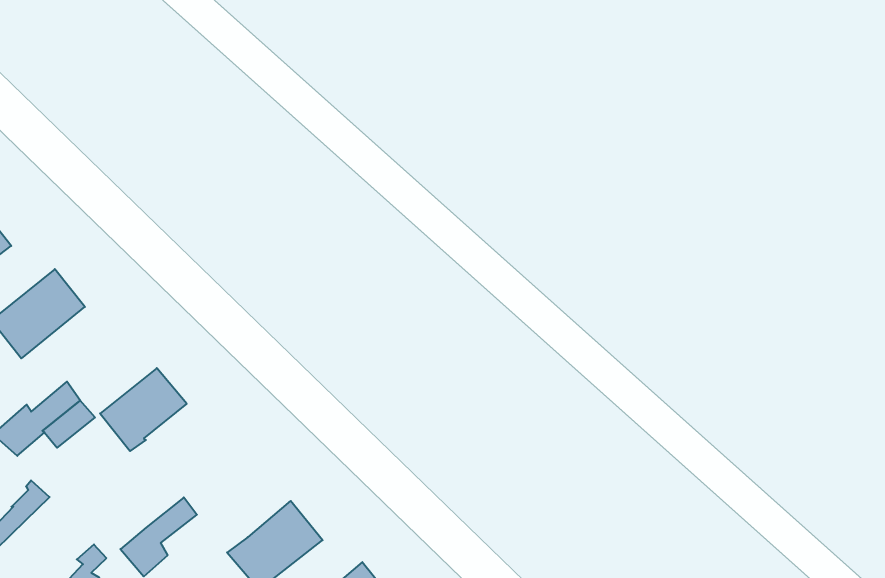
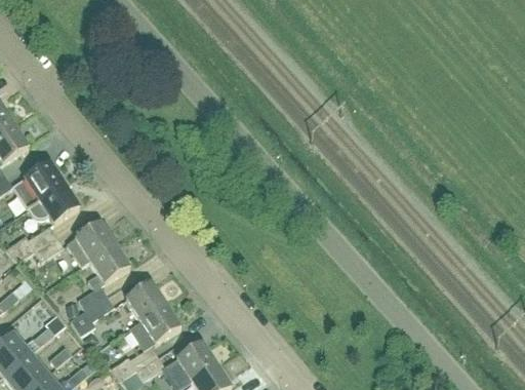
building: none -> [27,184,79,223]
building: none -> [78,243,129,309]
building: none -> [126,280,166,320]

